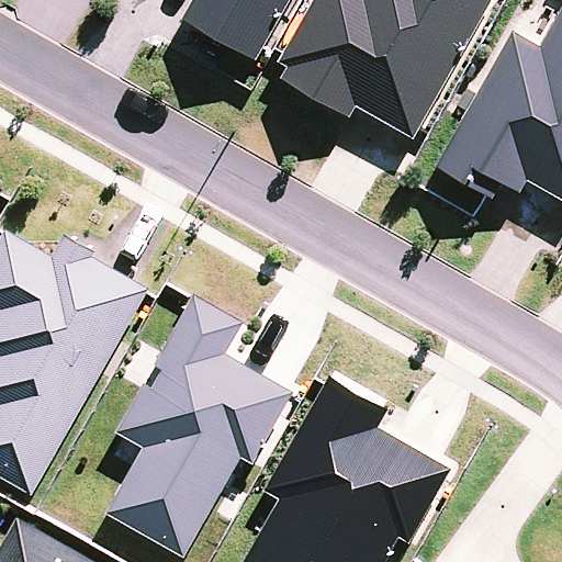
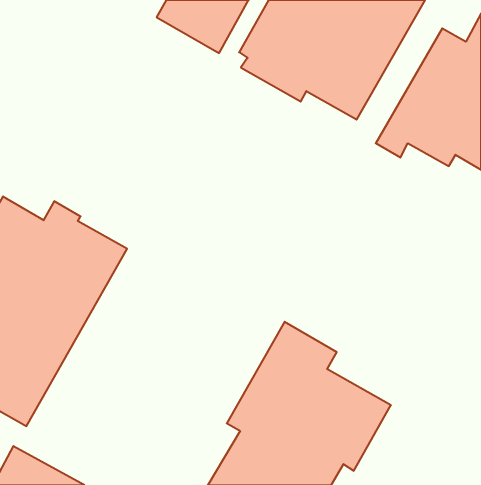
building: [106,294,293,557] -> none

